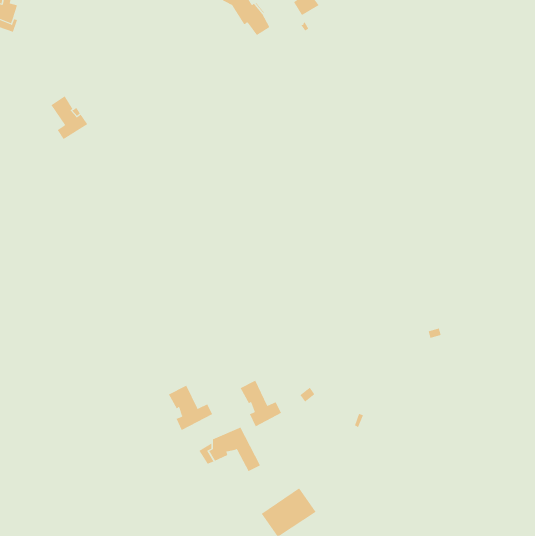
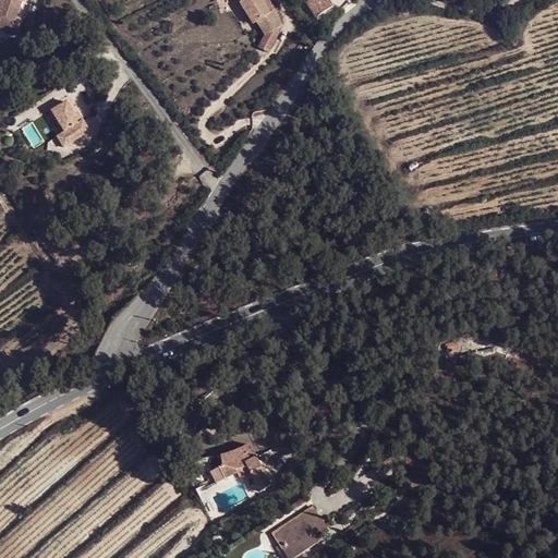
building: [240,380,282,427] -> none
building: [168,385,213,431] -> none

